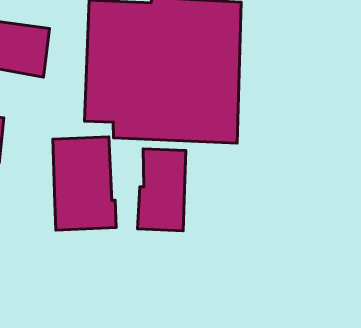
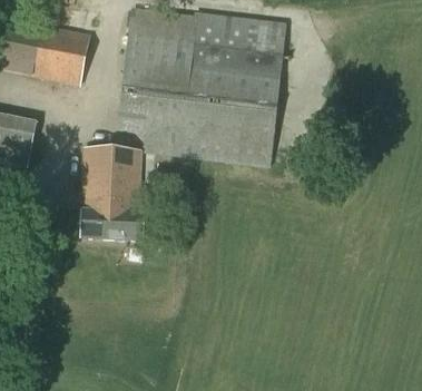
building: [137,149,186,231] -> none

